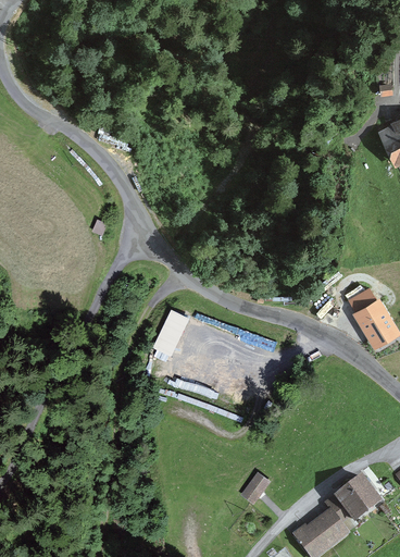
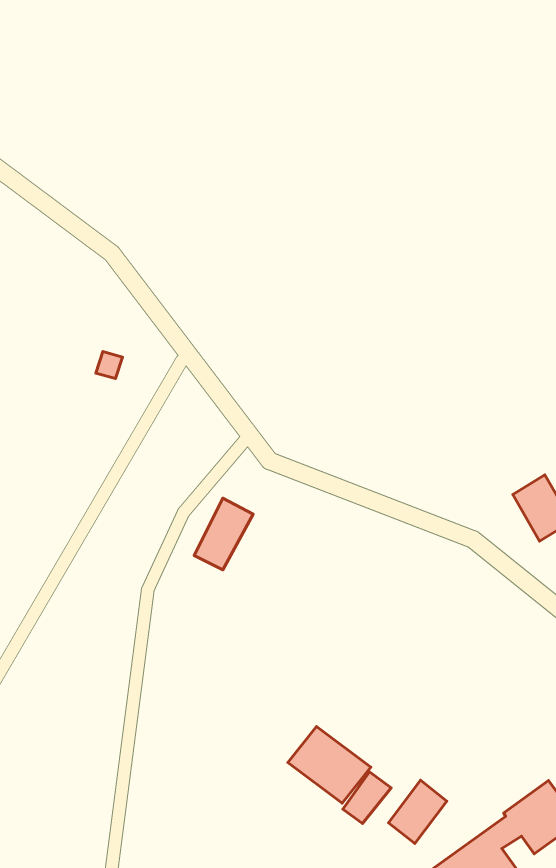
building: none -> [288,727,371,803]
building: none -> [389,780,447,844]

